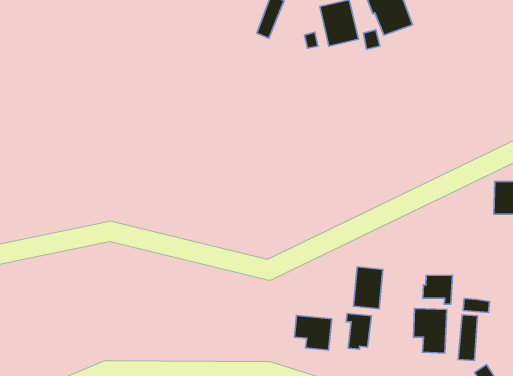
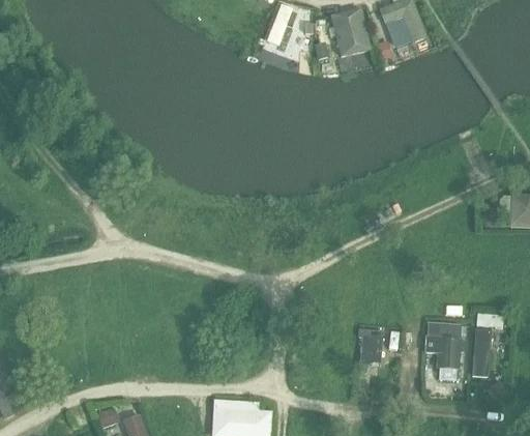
building: [353,267,383,309] -> none
building: [423,275,452,304] -> none
building: [294,316,332,350] -> none

